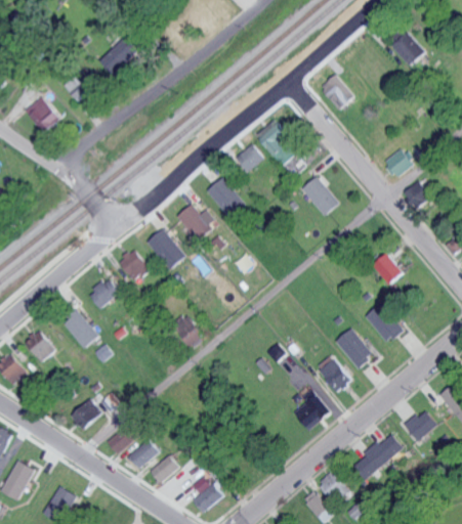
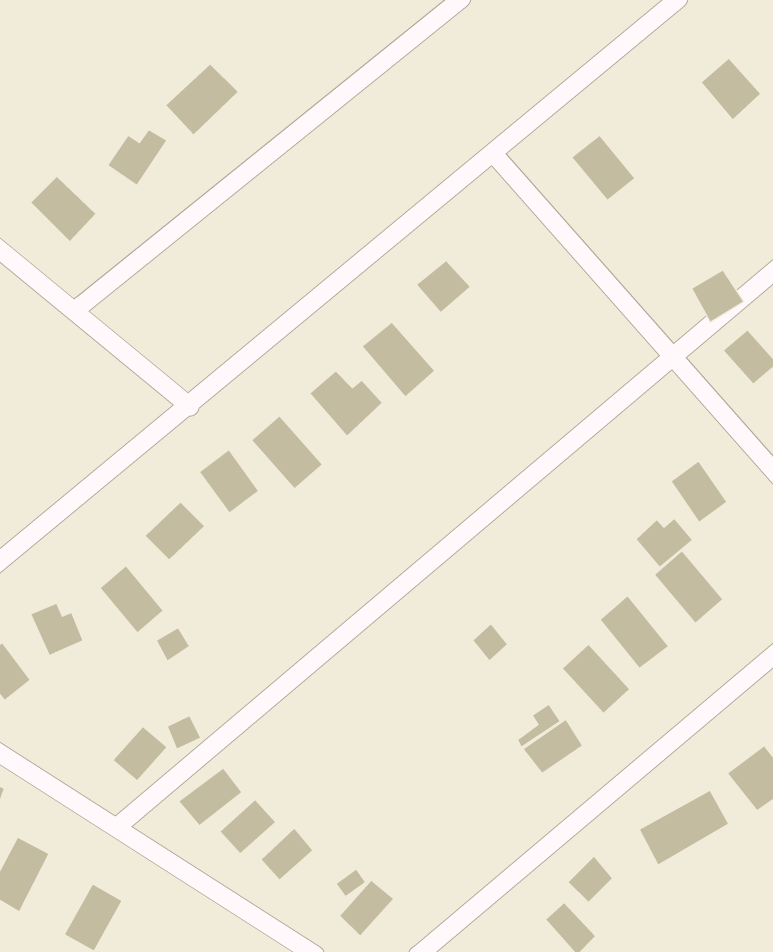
building: [257,121,295,166] -> none
building: [302,177,341,217] -> none
building: none -> [636,518,693,568]
building: [175,317,202,346] -> none

